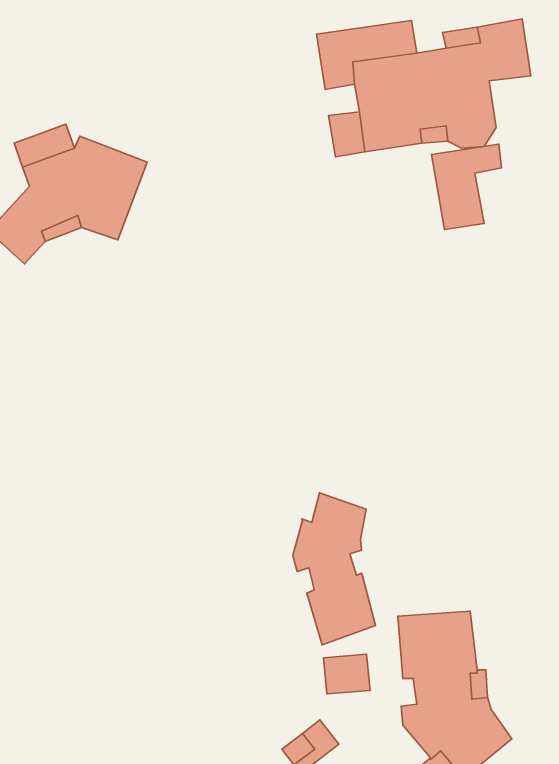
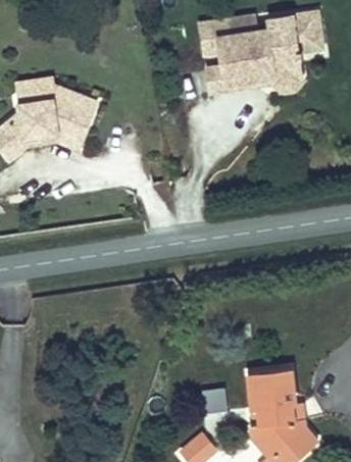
building: [432,144,502,230] -> none
building: [293,493,376,645] -> none

